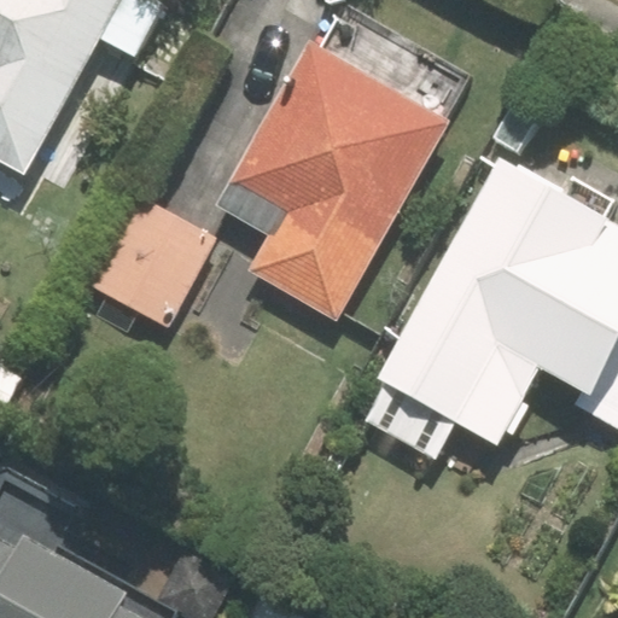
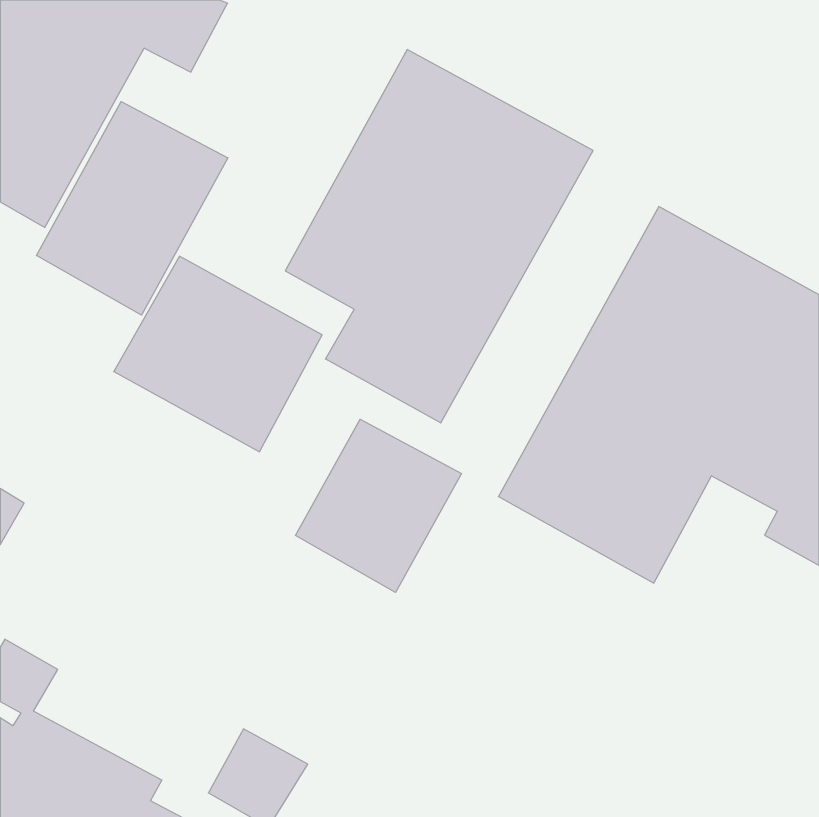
building: none -> [37,102,228,315]
building: none -> [296,419,461,592]

